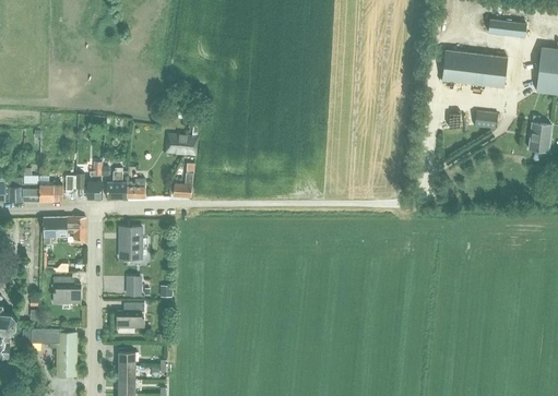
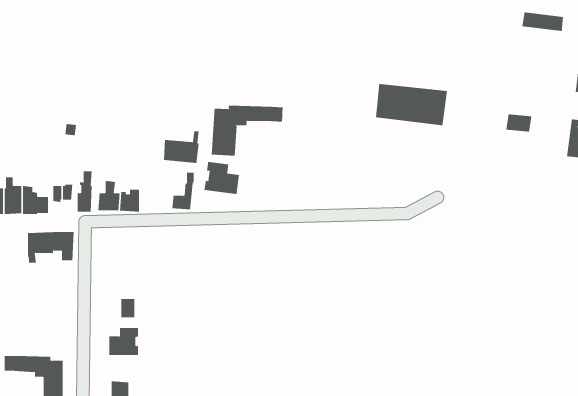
building: [441,50,507,88] -> [375,83,448,126]
building: none -> [211,105,283,157]
building: none -> [204,161,240,195]
building: [119,228,146,259] -> none
building: [52,277,80,303] -> none

